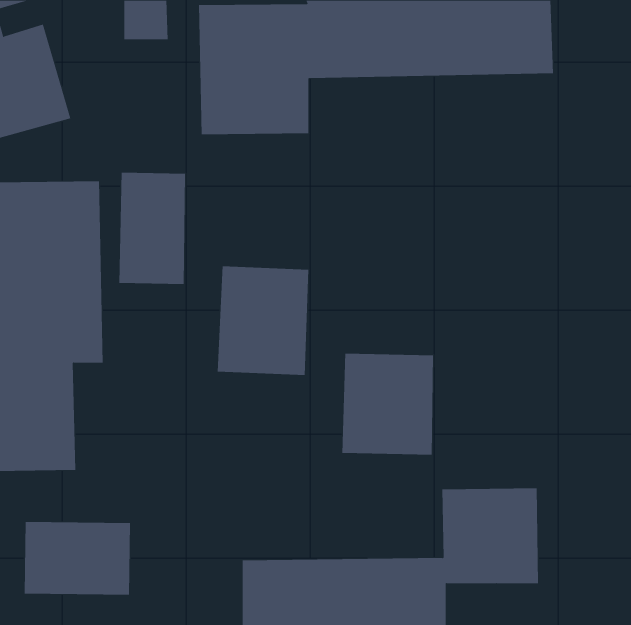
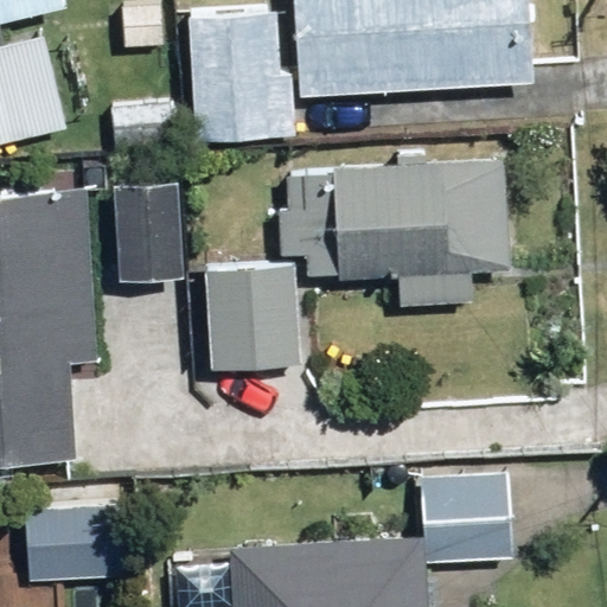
building: none -> [287,155,510,305]
building: [342,353,434,455] -> none

